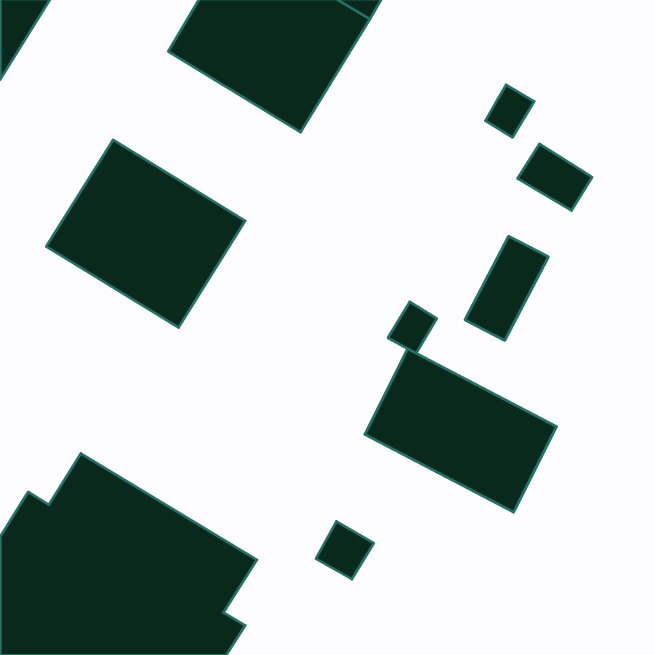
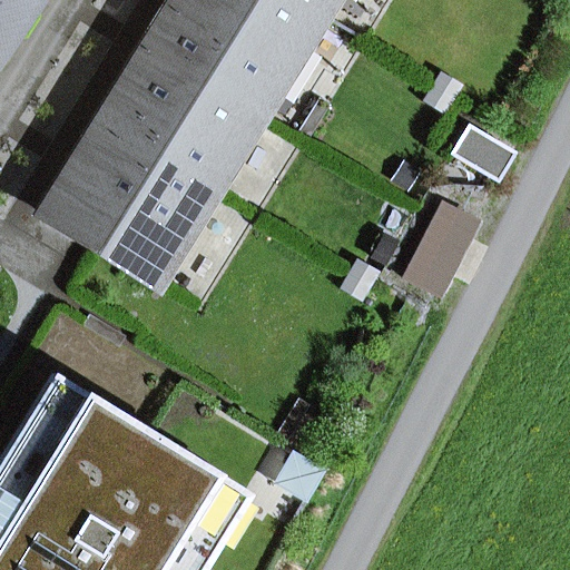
building: none -> [99,45,262,191]
building: [365,349,557,512] -> none

